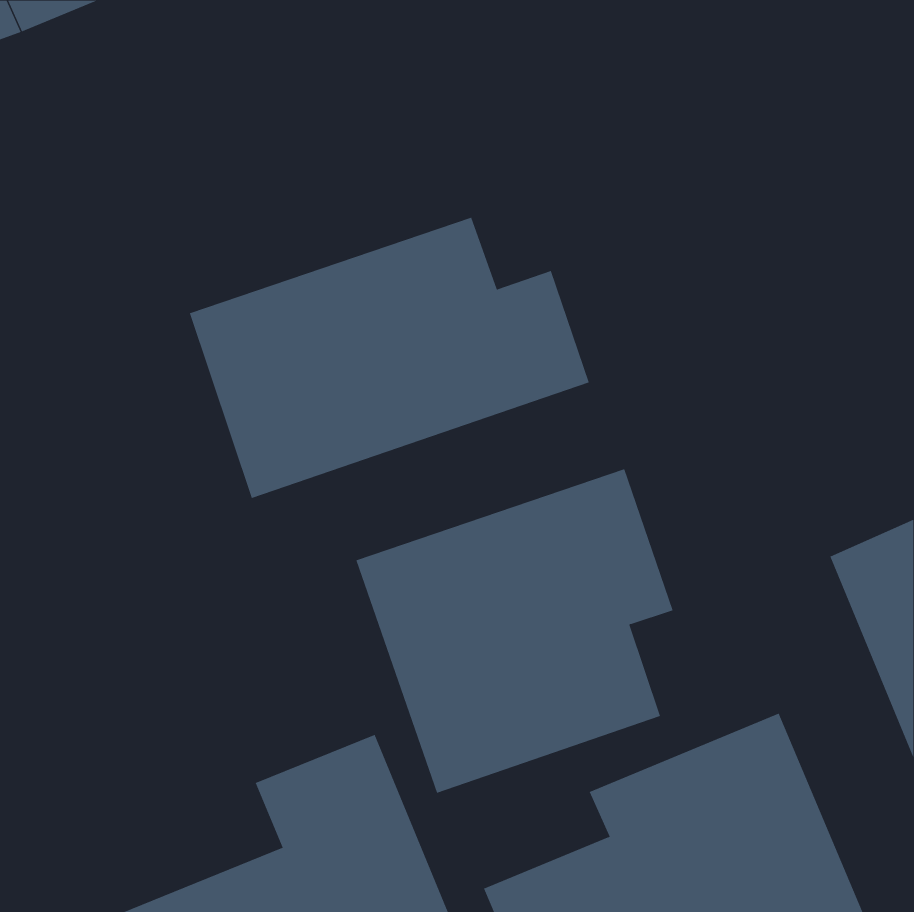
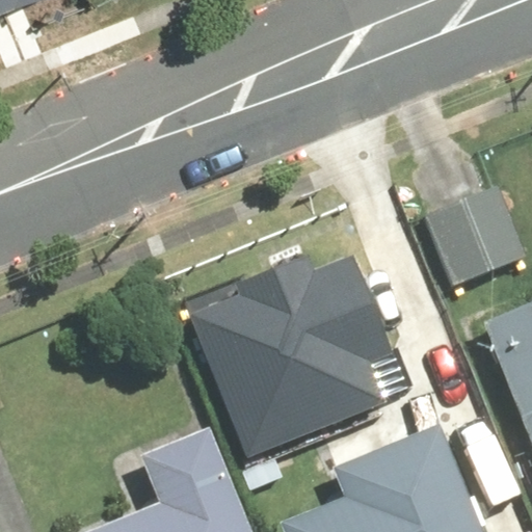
building: [189,217,590,499] -> none
building: none -> [418,182,525,287]

